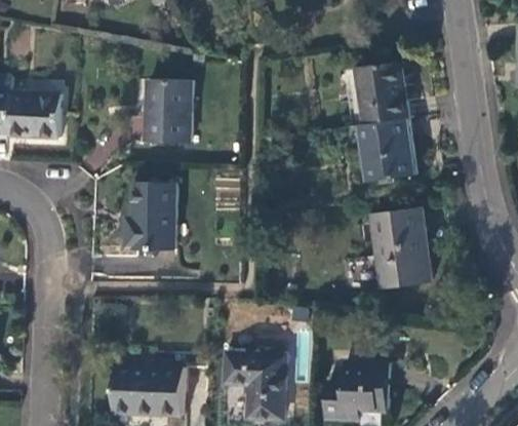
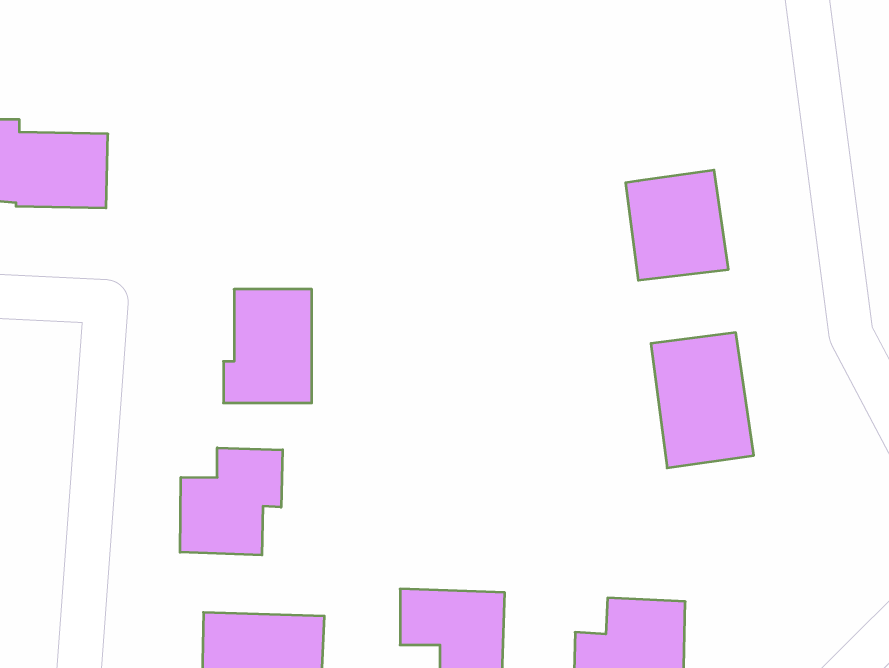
building: [355,62,406,123] -> none
building: [148,80,193,144] -> none
building: none -> [180,448,283,555]

